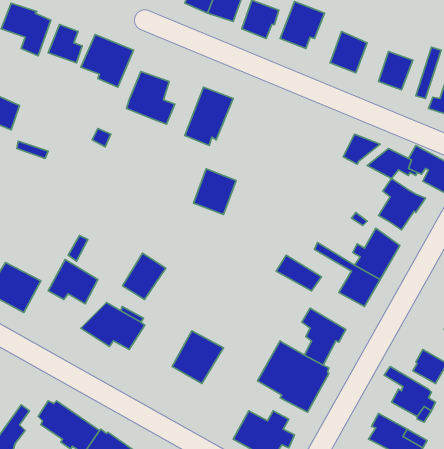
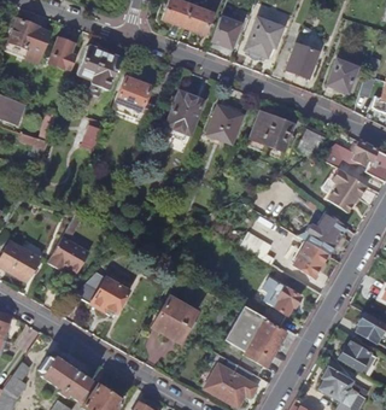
building: none -> [251,112,294,151]
building: [193,169,236,215] -> [206,105,242,144]
building: [122,253,166,300] -> none

